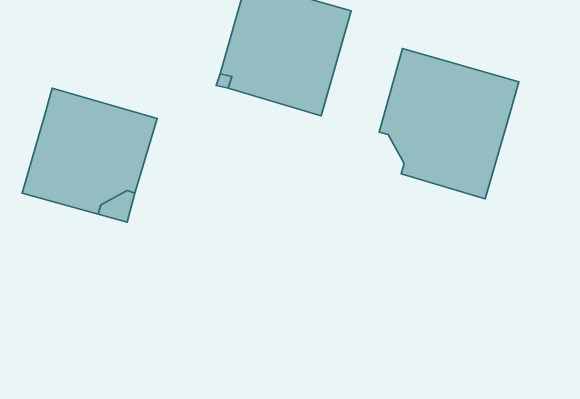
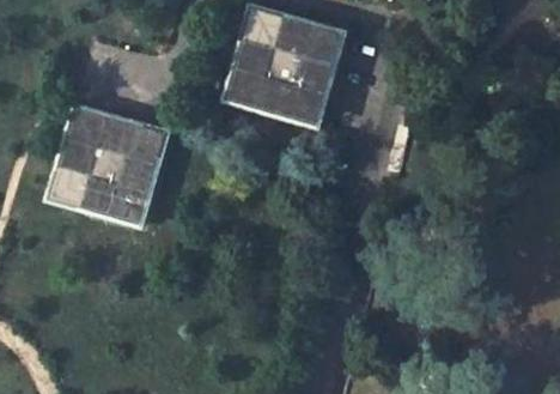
building: [379,48,519,199] -> none

